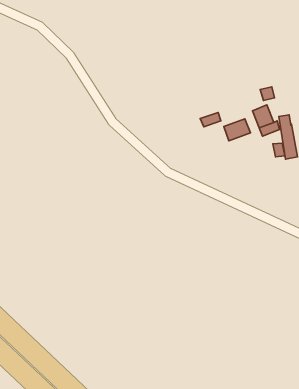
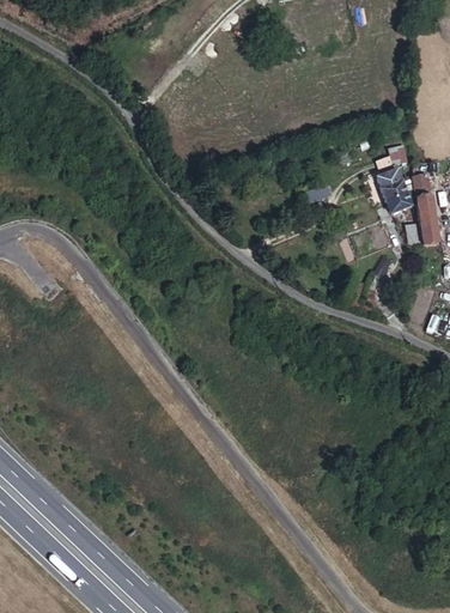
building: [224,119,251,141] -> none

